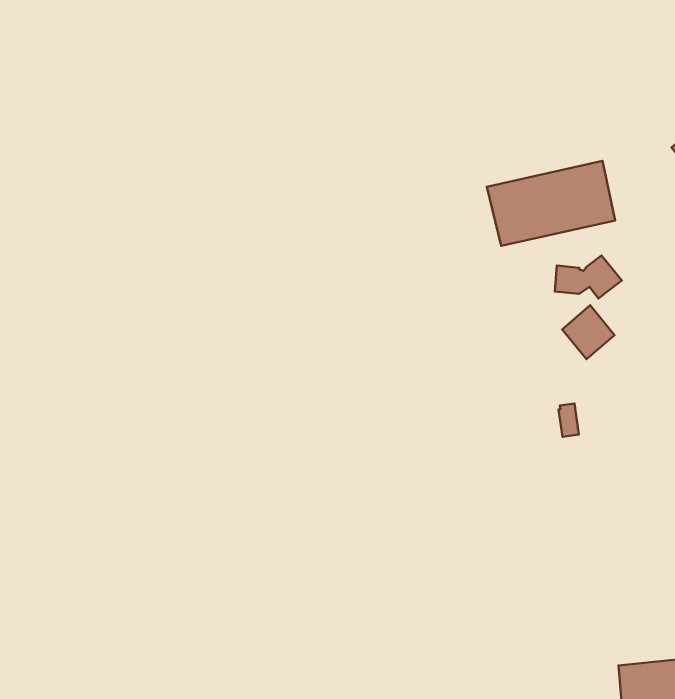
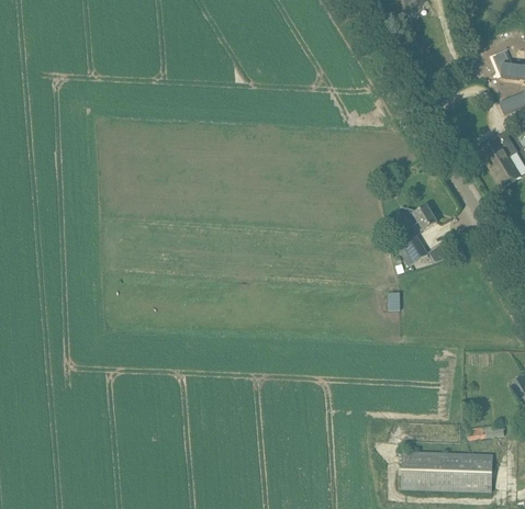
building: [487,161,615,246] -> none

